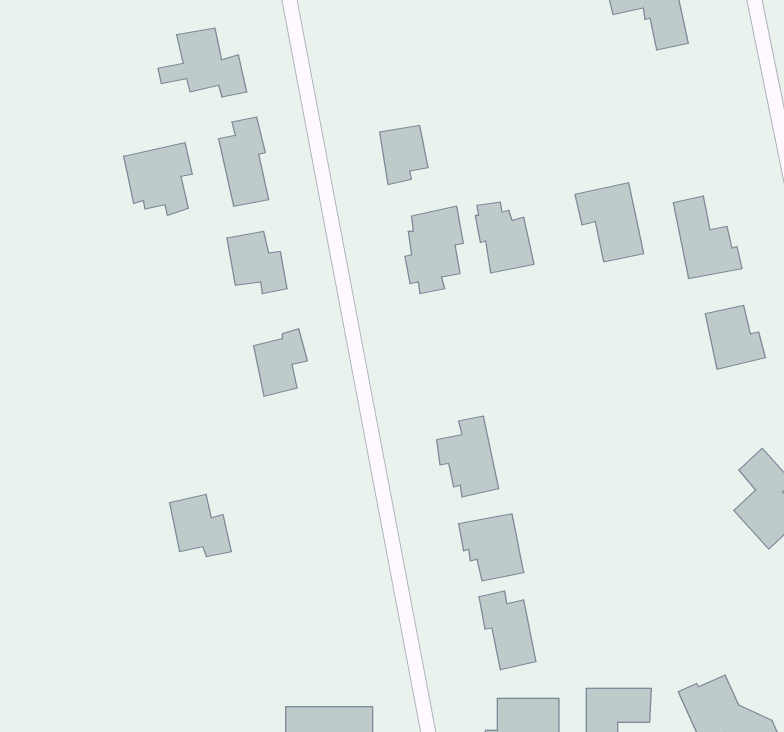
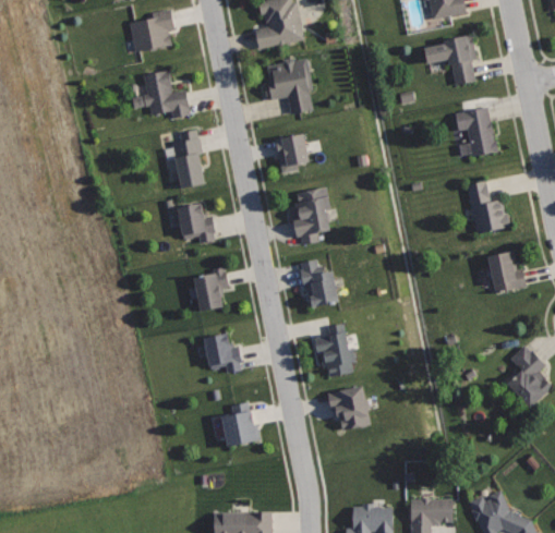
building: none -> [263,59,313,114]
building: [124,142,192,215] -> none
building: [575,183,644,262] -> [454,106,498,157]
building: [475,202,534,273] -> [300,262,338,307]
building: [169,494,231,557] -> [203,332,243,373]
building: none -> [222,402,257,447]
building: [479,591,536,670] -> none

